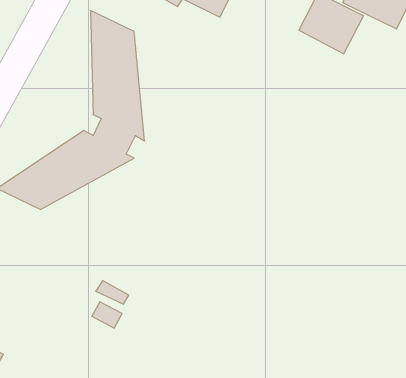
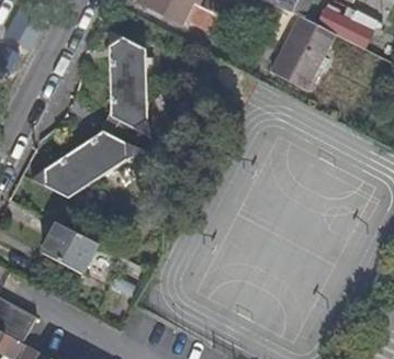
building: none -> [269,47,319,90]
building: none -> [40,224,95,273]

